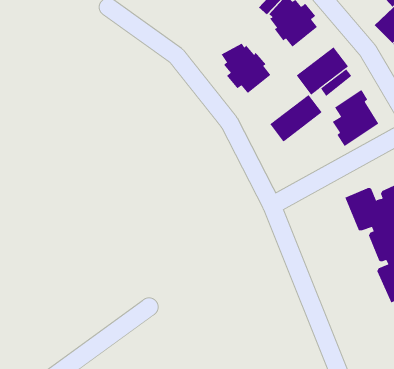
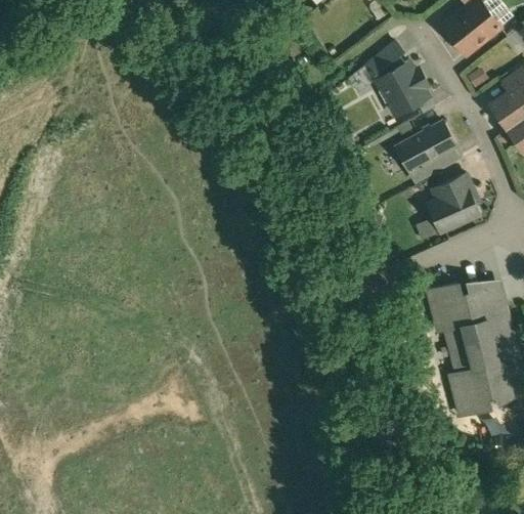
building: [221,43,271,94] -> none
building: [269,94,322,142] -> none

